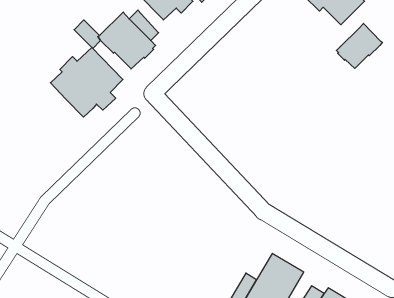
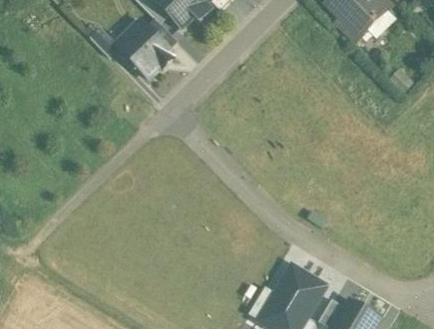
building: [336,23,382,68] -> none
building: [50,47,123,117] -> none

